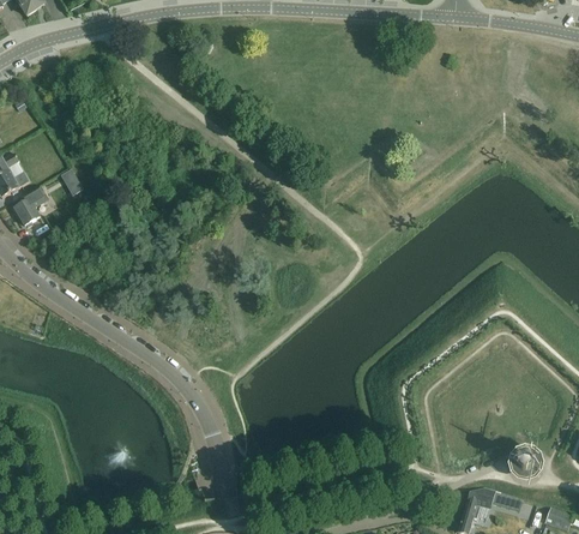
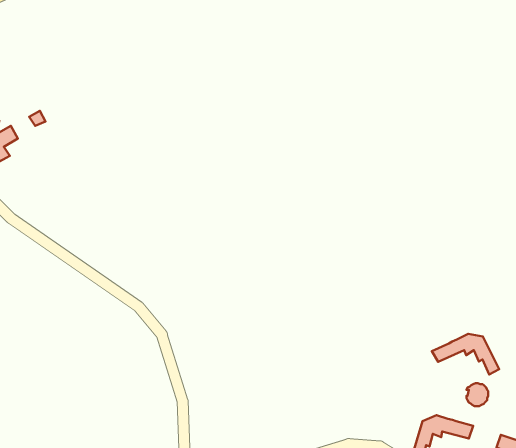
building: none -> [432,334,499,375]

